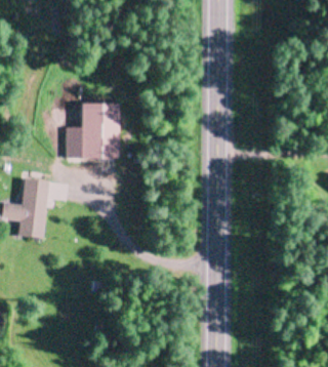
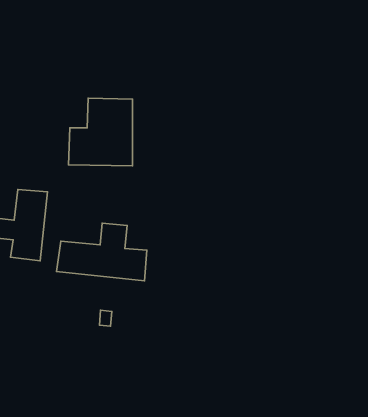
building: none -> [57,223,147,281]

